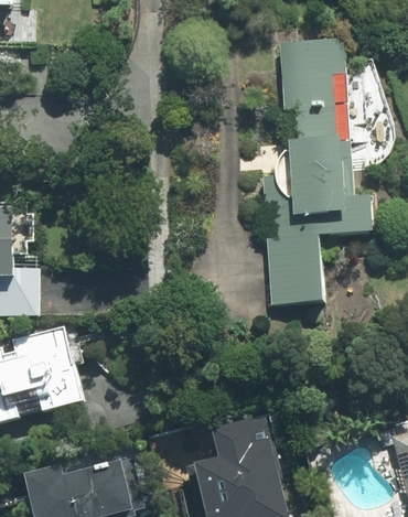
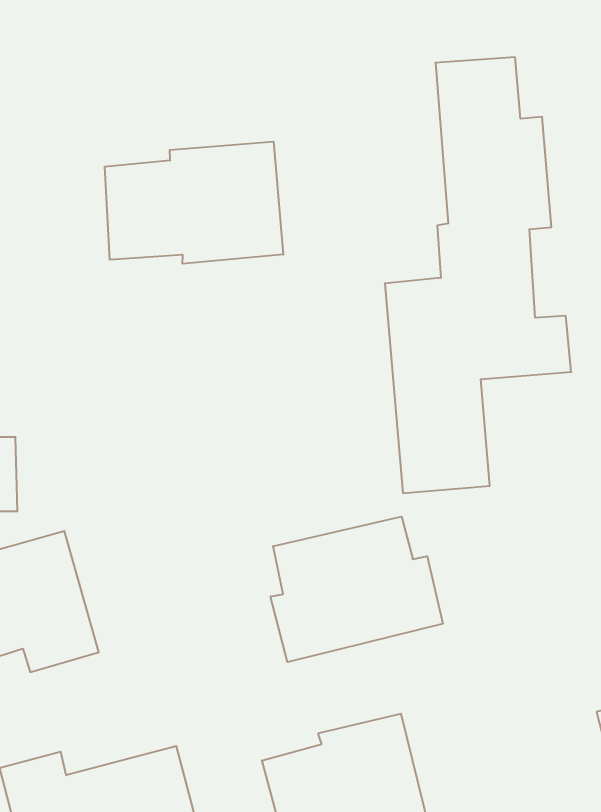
building: none -> [105,142,283,264]
building: none -> [271,517,443,662]

